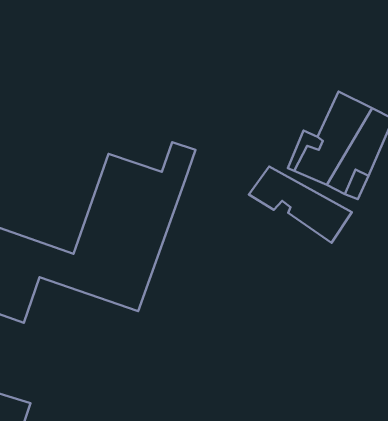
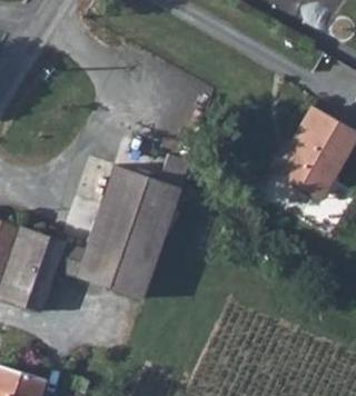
building: [249,167,352,243] -> none

